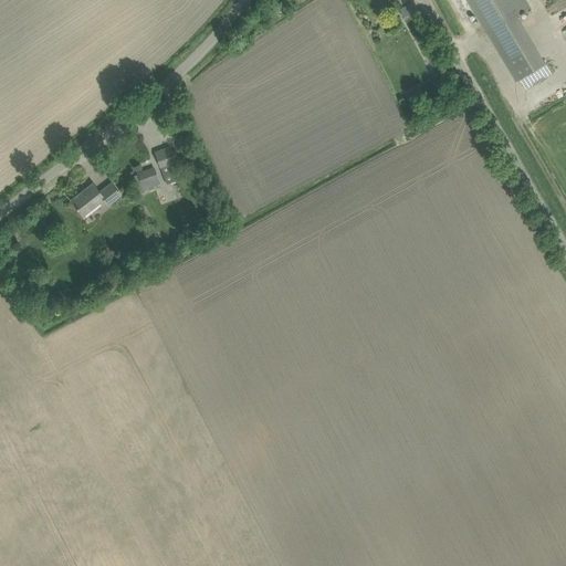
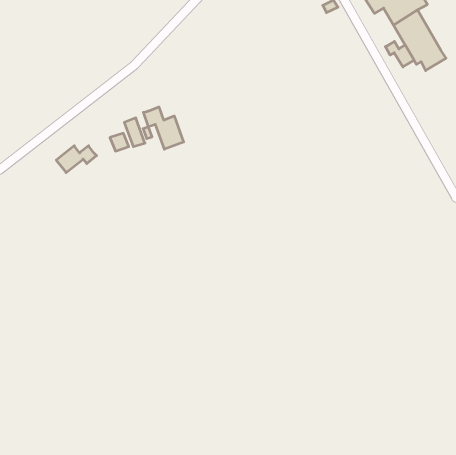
building: none -> [385,41,414,67]
building: none -> [143,107,184,149]

